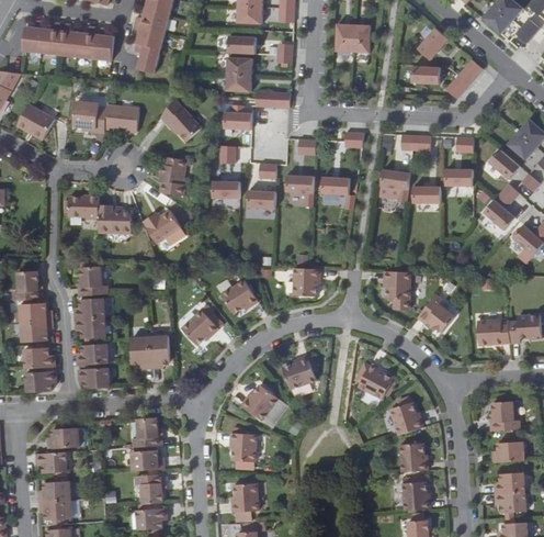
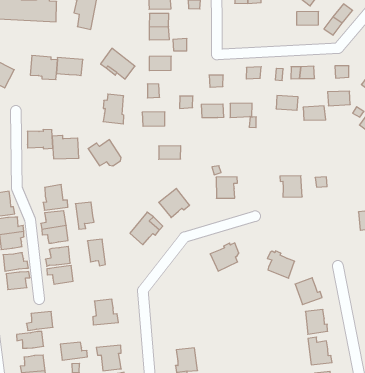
building: [246,191,274,209] -> [159,146,181,159]
building: [413,294,451,332] -> none
building: [151,336,173,369] -> [75,202,94,229]
building: [245,381,282,417] -> none
building: [236,430,262,459] -> none
building: [133,447,166,468] -> [60,342,87,360]

